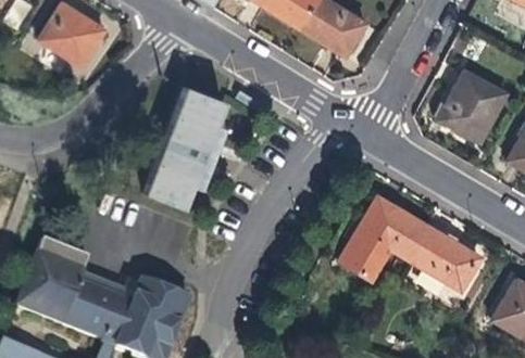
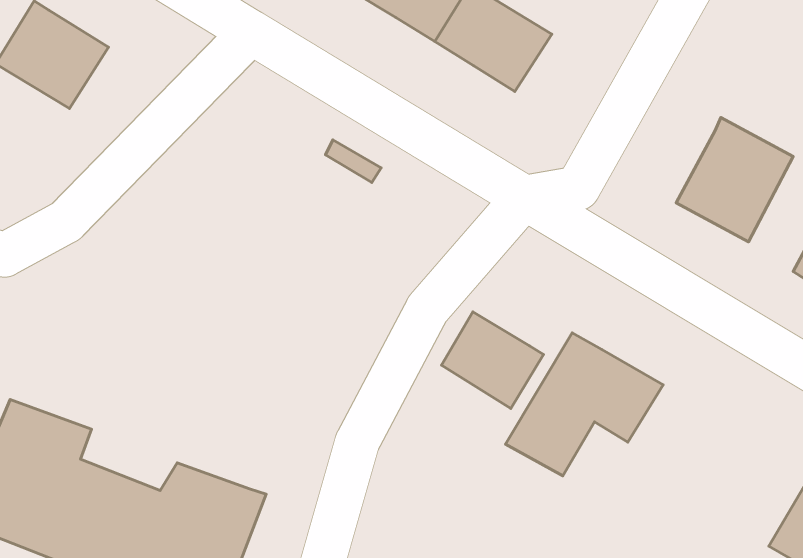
building: [150,89,233,214] -> none
building: none -> [441,312,544,408]
building: [408,227,479,291] -> none

